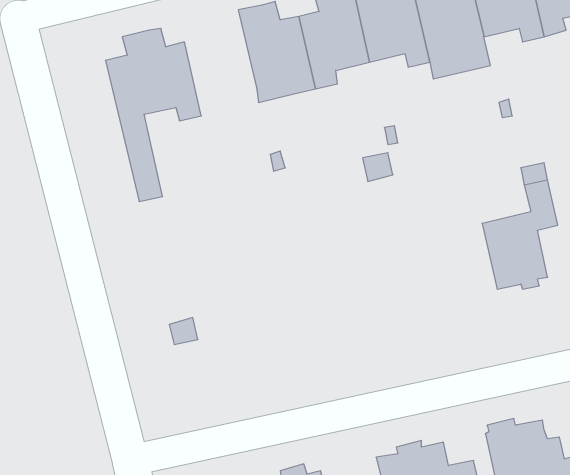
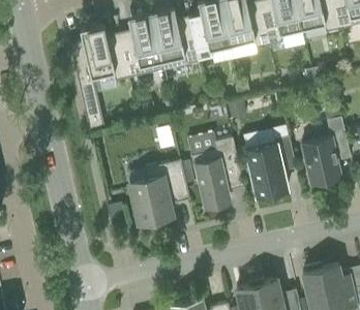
building: none -> [118,14,163,80]
building: none -> [191,138,244,210]
building: none -> [246,138,295,199]
building: none -> [127,161,190,224]

